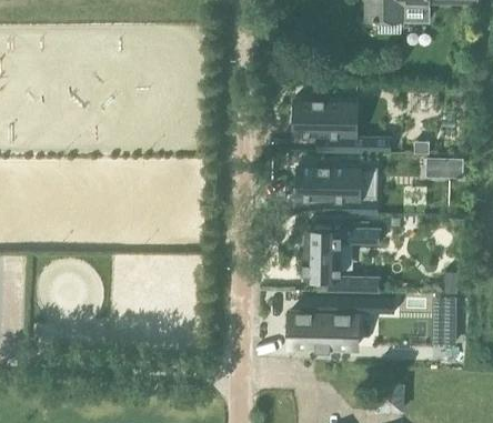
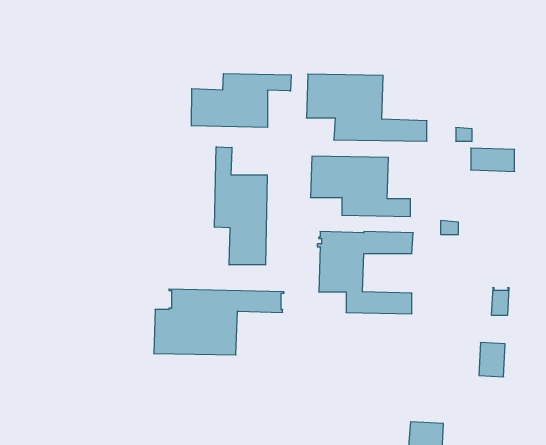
building: none -> [192,74,291,127]
building: none -> [215,147,267,265]
building: [290,295,395,349] -> [154,289,284,355]

